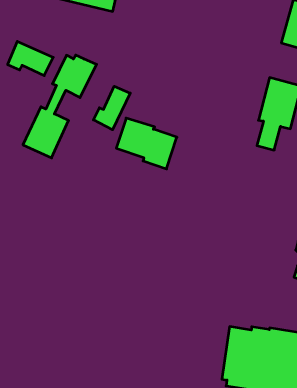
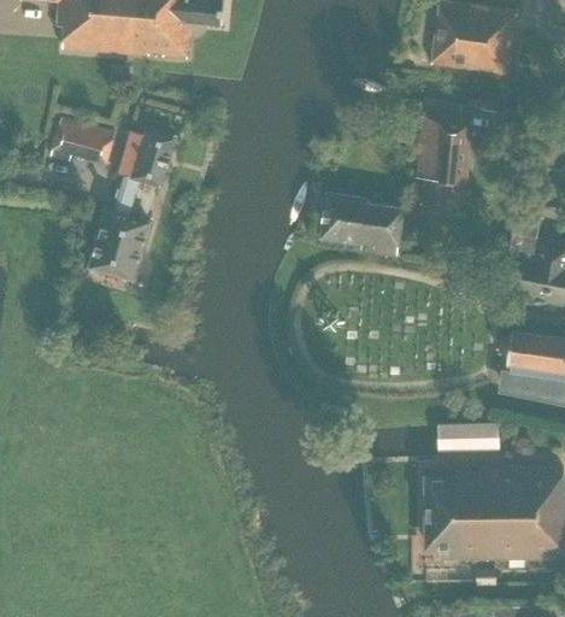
building: [93,86,130,130] -> none
building: [116,118,177,169] -> [319,194,402,257]
building: none -> [437,424,499,454]

